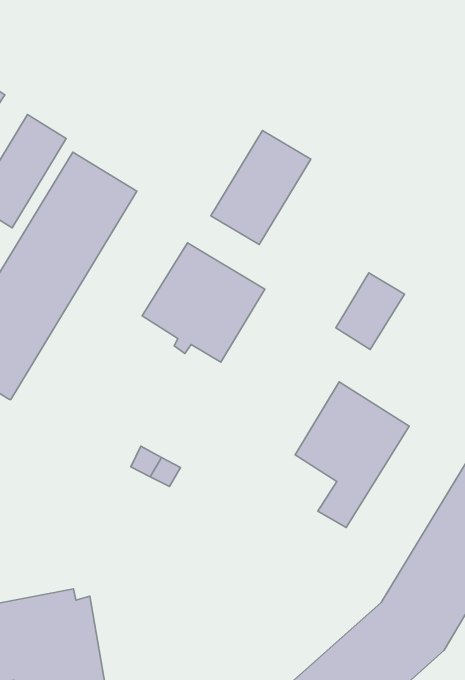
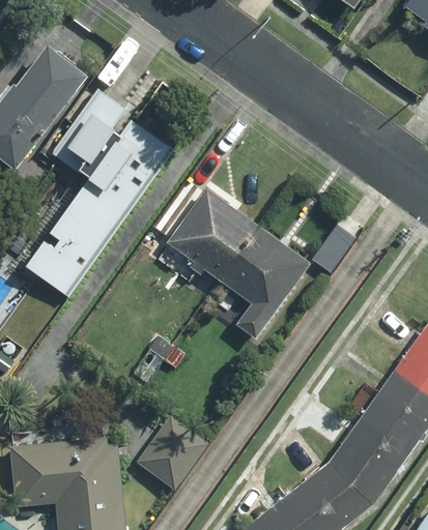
building: [211,130,311,245] -> none
building: [295,382,409,528] -> [223,230,308,336]
building: none -> [138,417,205,488]

